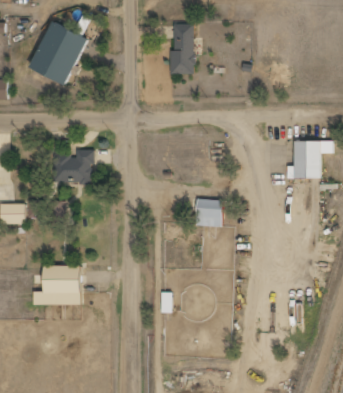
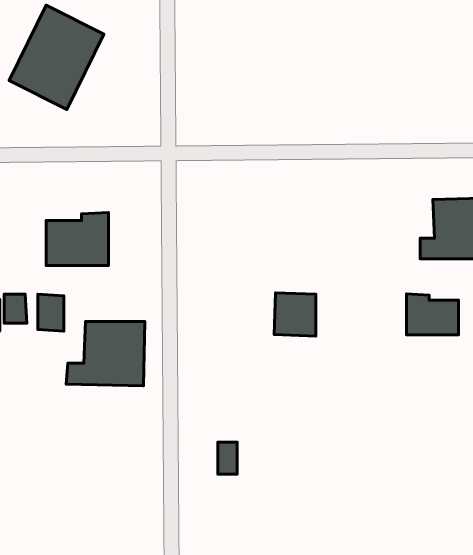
building: [169,23,194,74] -> none
building: none -> [407,294,458,335]
building: [32,265,81,305] -> [66,321,145,386]

